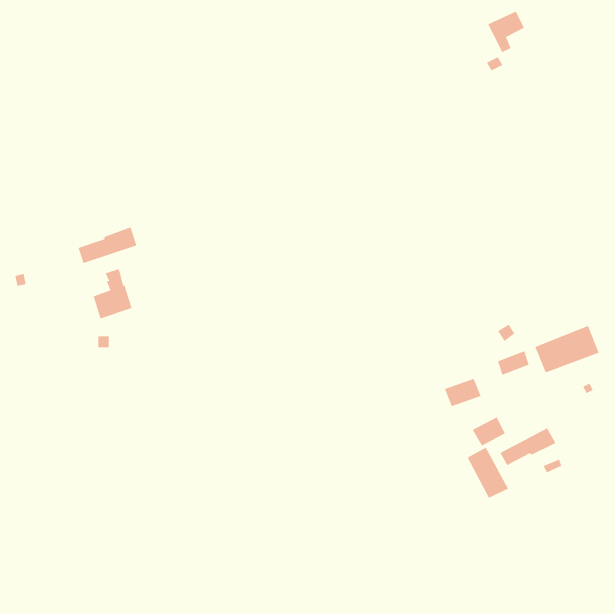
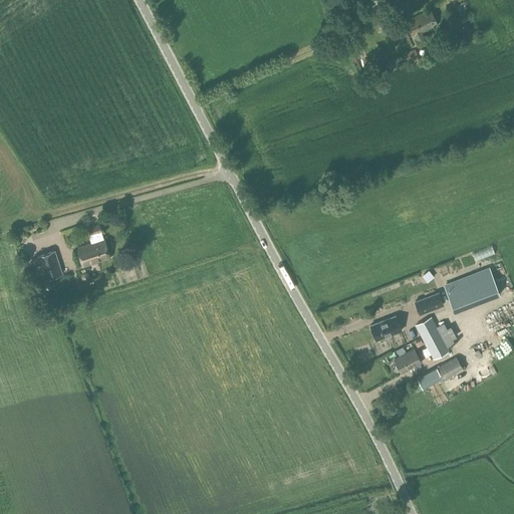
building: [78,227,137,264] -> none
building: none -> [31,250,62,279]
building: [467,447,509,498] -> [416,315,451,358]

